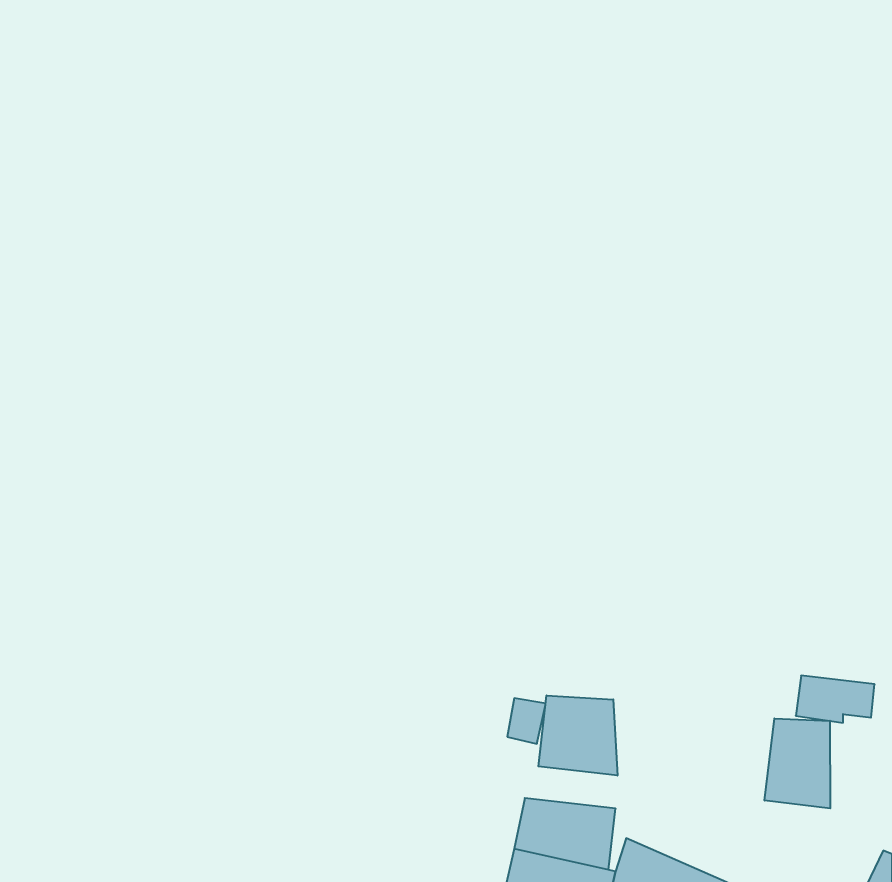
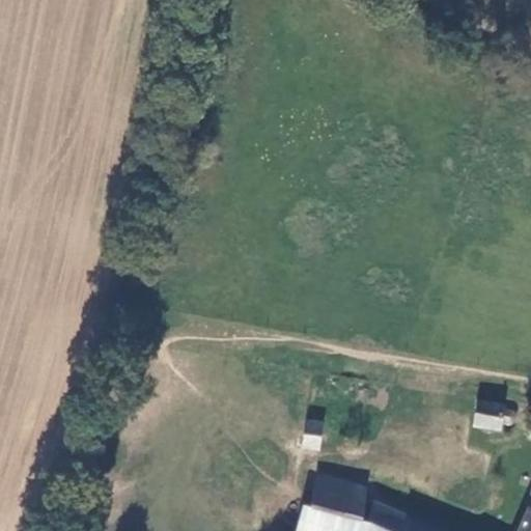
building: [538,695,617,776] -> none
building: [765,718,830,808] -> none

